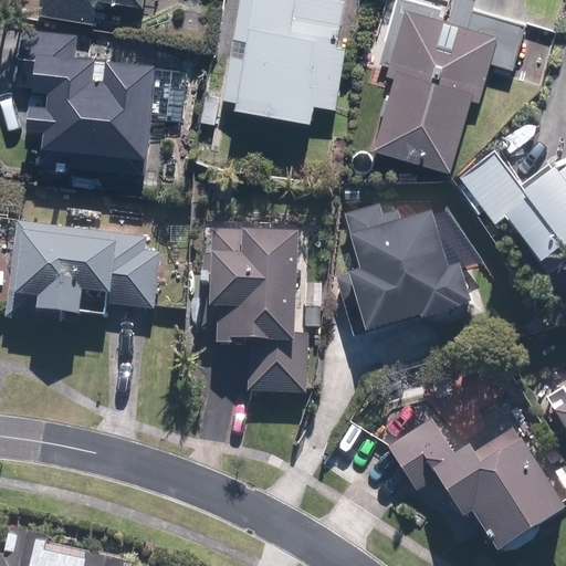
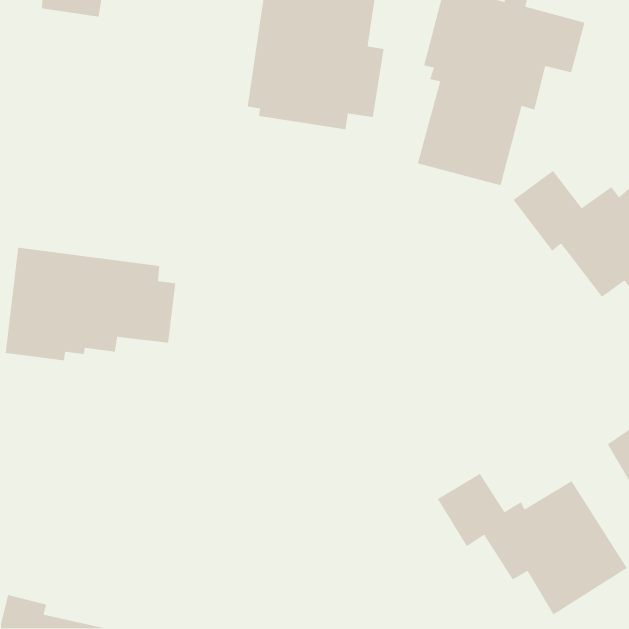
building: [21,27,158,170] -> none
building: [339,202,469,335] -> none
building: [205,229,310,391] -> none

